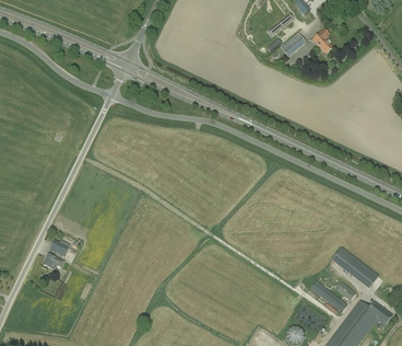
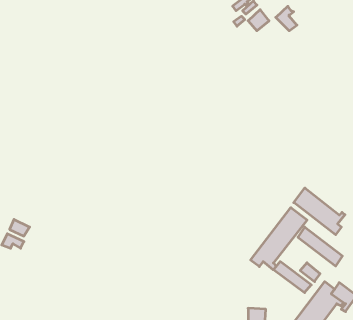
building: none -> [294,188,345,235]
building: none -> [251,208,307,270]

